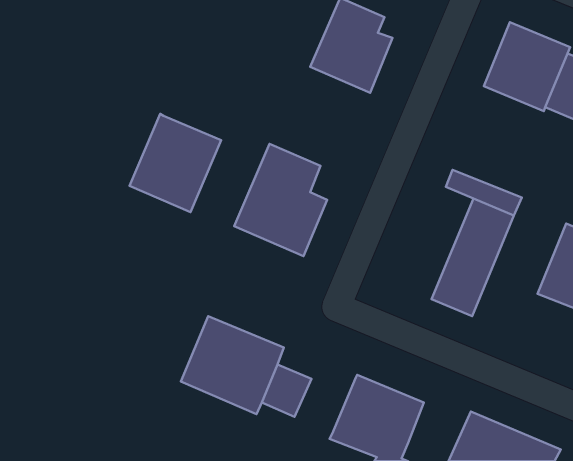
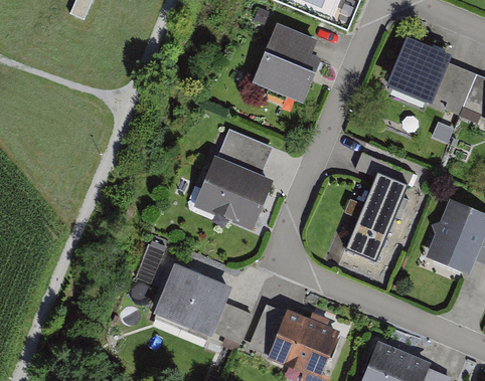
building: [129,114,221,212] -> none
building: none -> [249,306,288,357]

